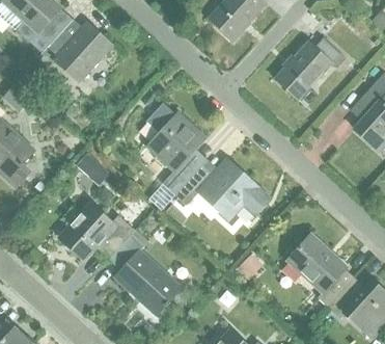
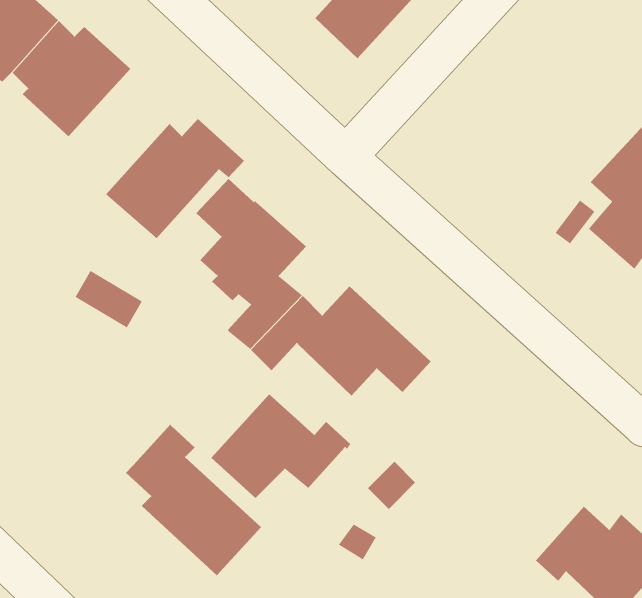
building: [276,37,346,99] -> none
building: none -> [105,118,245,239]
building: [60,204,135,260] -> [211,393,351,499]
building: [288,236,352,306] -> none

